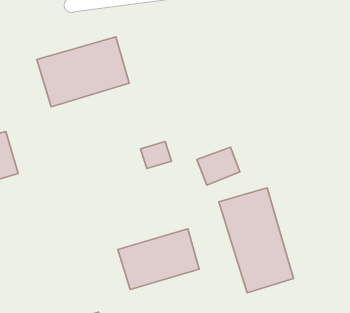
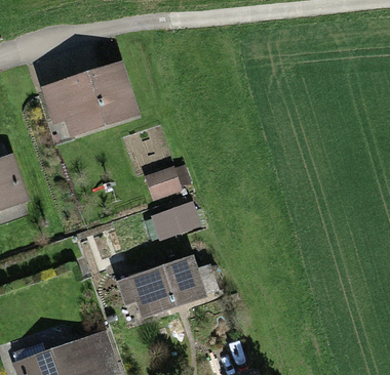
building: [197,147,240,185] -> [161,200,204,238]
building: [219,188,294,293] -> none

